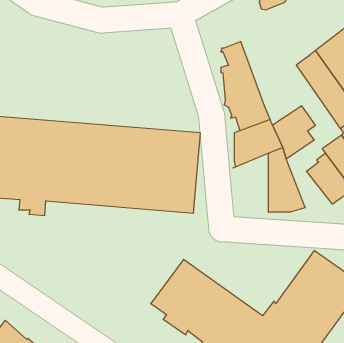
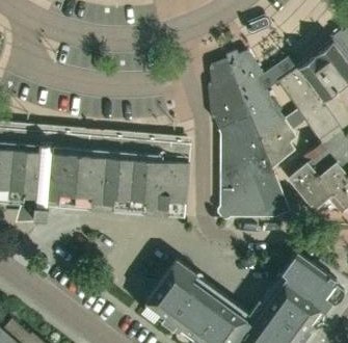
building: none -> [225,50,284,136]
building: none -> [220,162,252,216]

